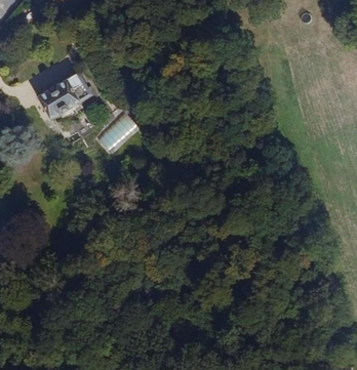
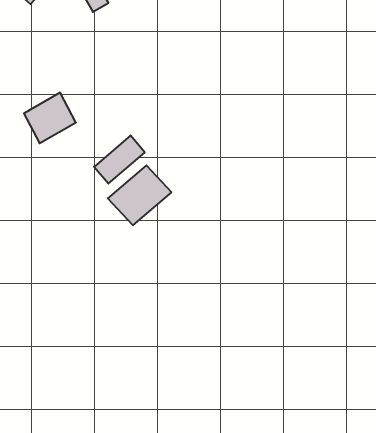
building: none -> [108,165,171,225]

